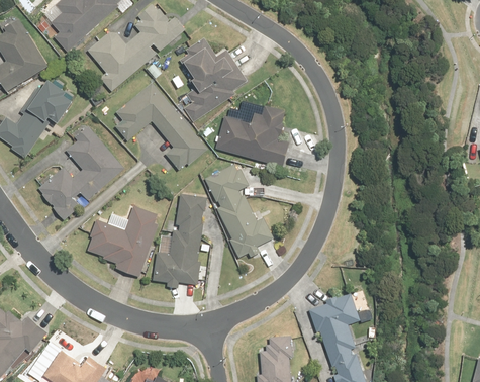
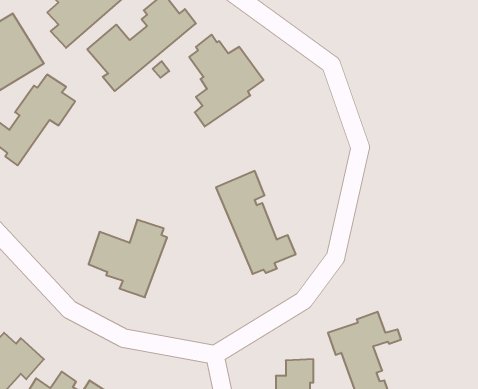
building: [116,82,207,169] -> none
building: [216,106,289,168] -> none
building: [36,123,123,221] -> none
building: [153,194,206,288] -> none

